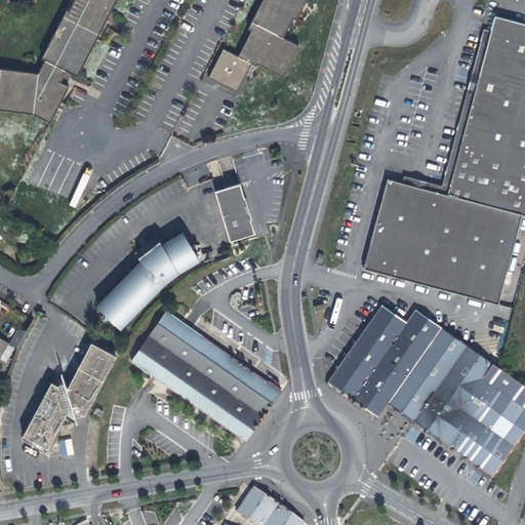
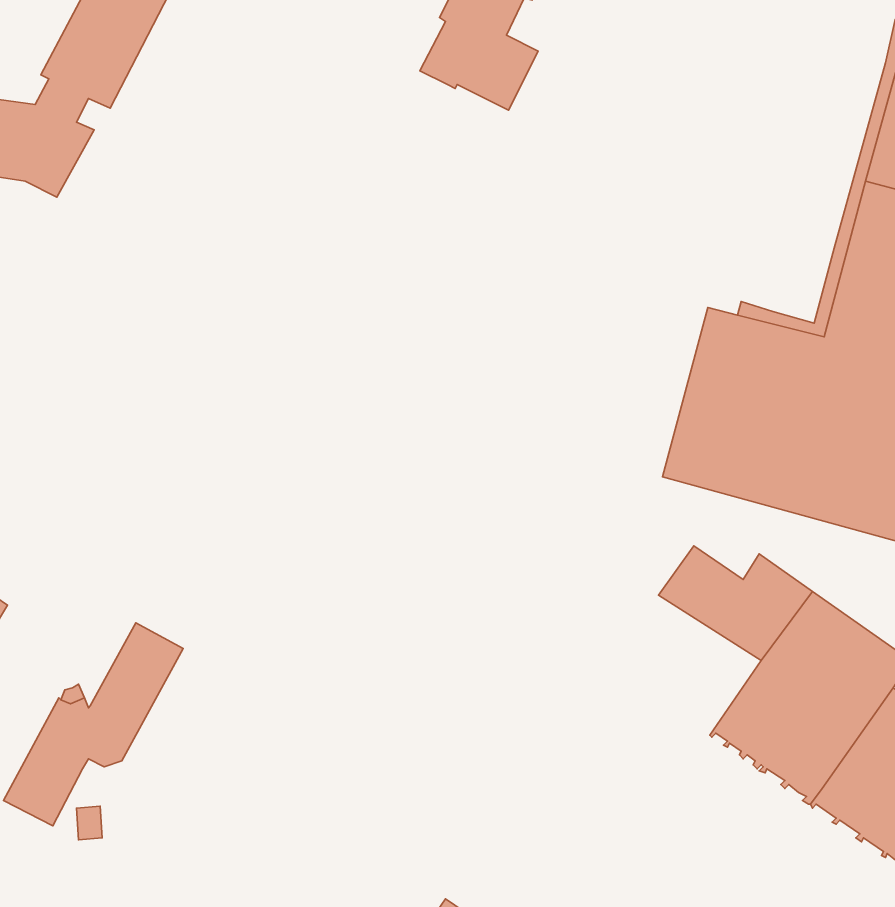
building: [208,49,252,92] -> none
building: [214,184,255,242] -> none
building: [98,234,199,323] -> none
building: [131,310,281,442] -> none
building: [328,329,415,414] -> none

